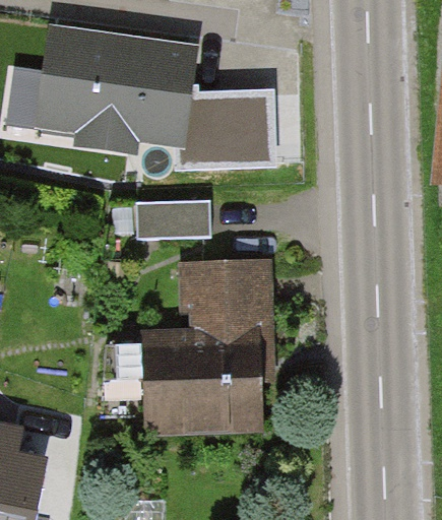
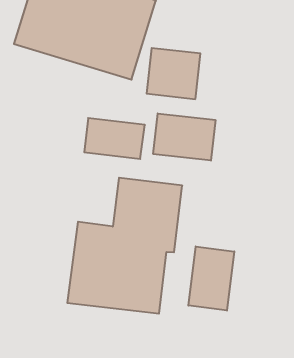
building: none -> [153,113,215,161]
building: none -> [188,246,234,311]

